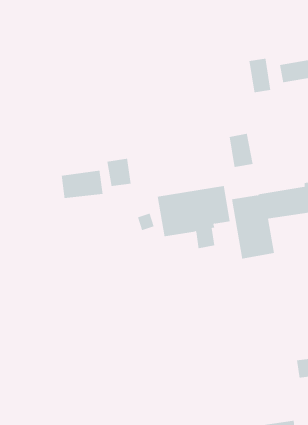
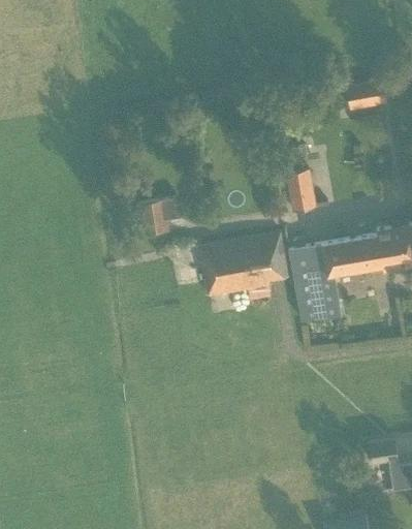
building: [249,58,271,93] -> none
building: [61,170,103,199] -> none

